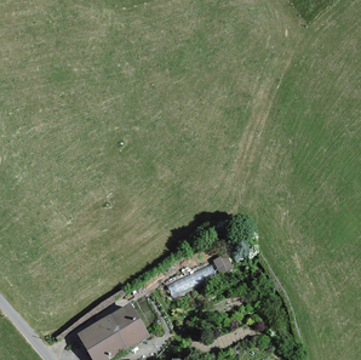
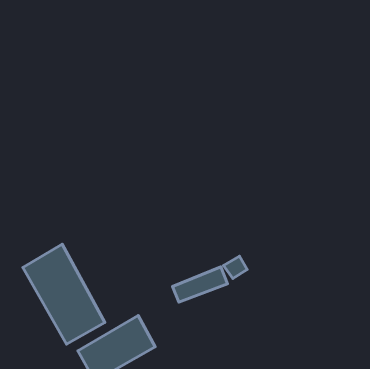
building: none -> [23,244,105,344]

